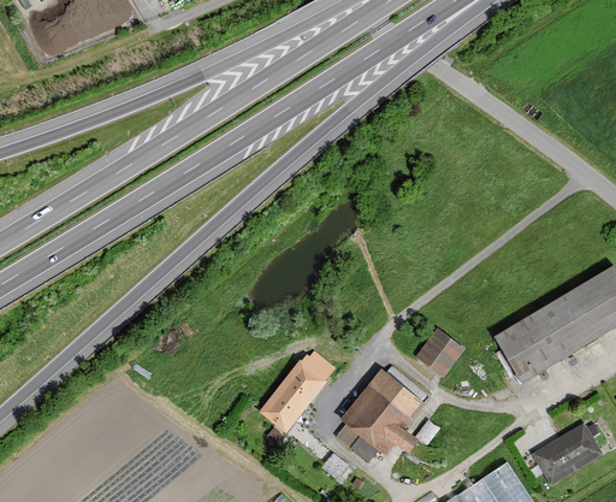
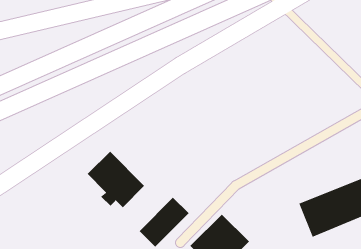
building: none -> [87,151,145,208]
building: [415,329,461,377] -> none

